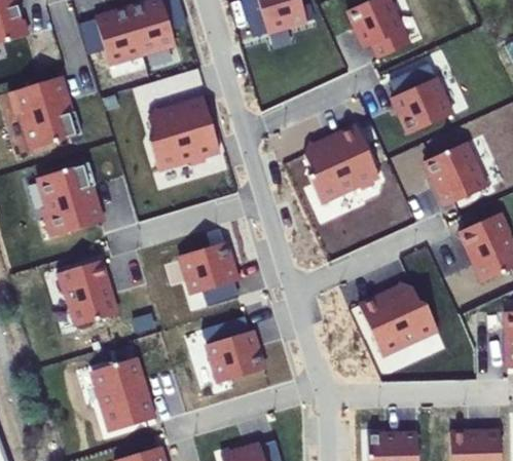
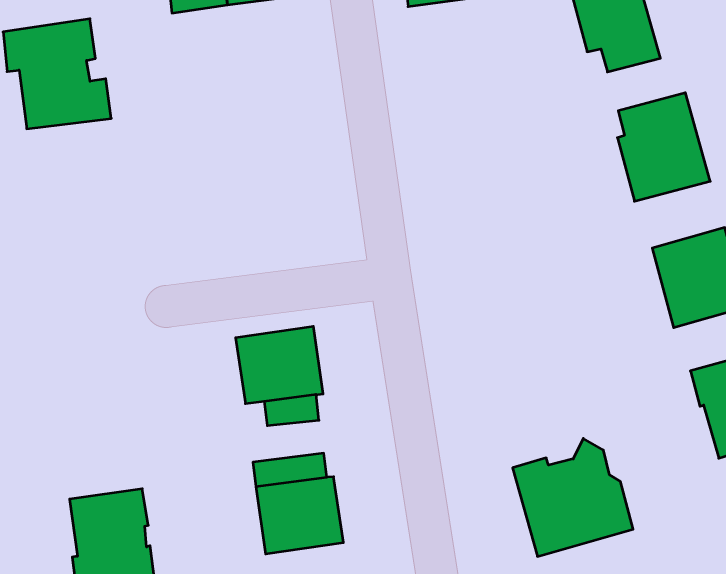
building: [148,97,220,170] -> none
building: [303,125,379,204] -> none
building: [38,161,102,237] -> none
building: [57,259,116,325] -> none

